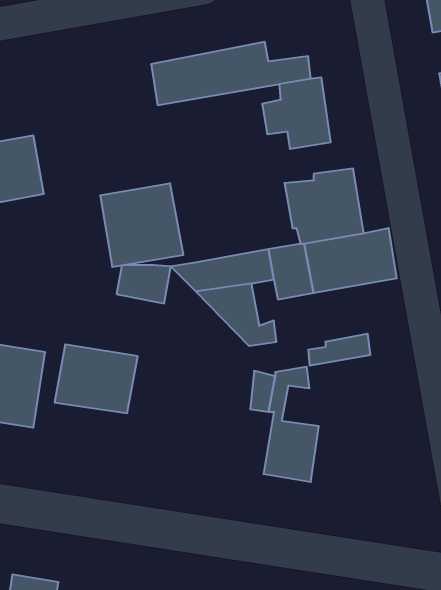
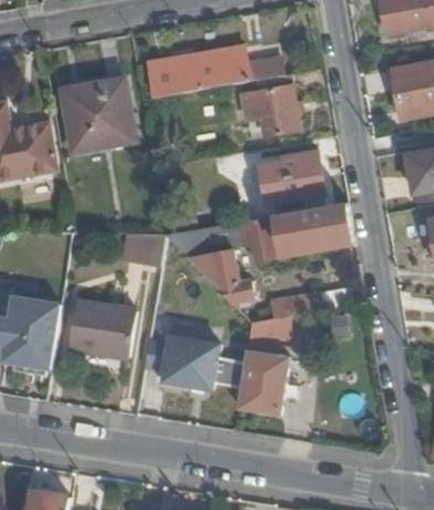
building: [100,183,183,267] -> [64,81,134,151]
building: none -> [155,335,216,388]

